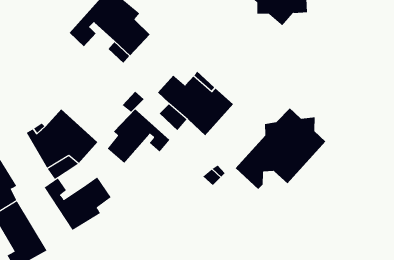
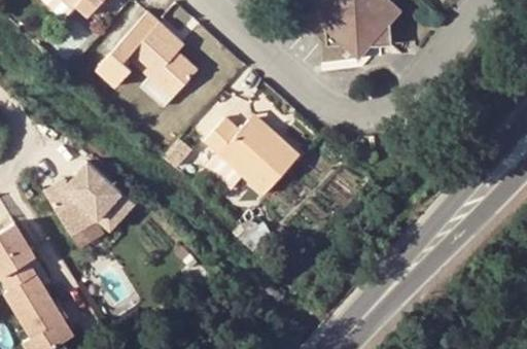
building: [235,108,326,190] -> none
building: [107,108,170,164] -> none
building: [44,176,111,231] -> none

